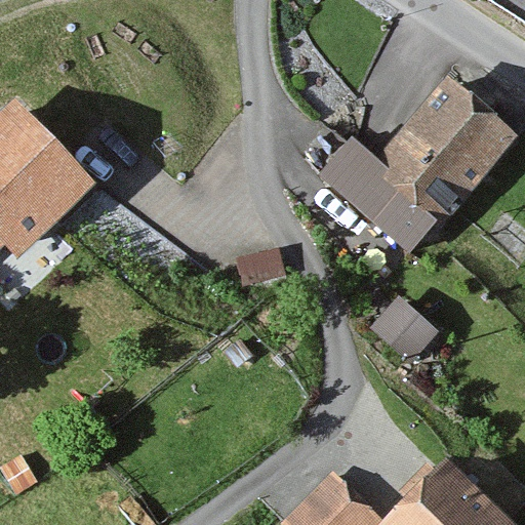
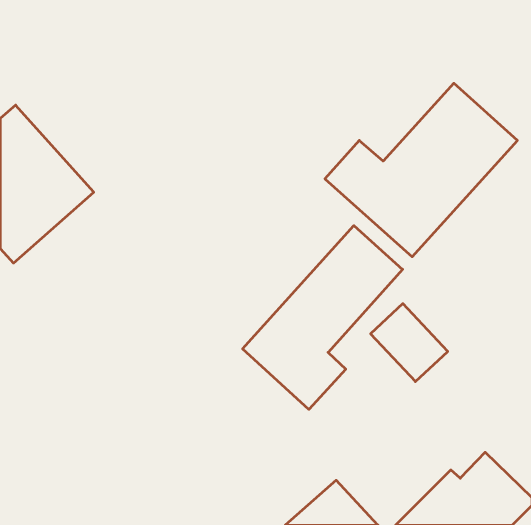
building: none -> [243,226,403,409]

